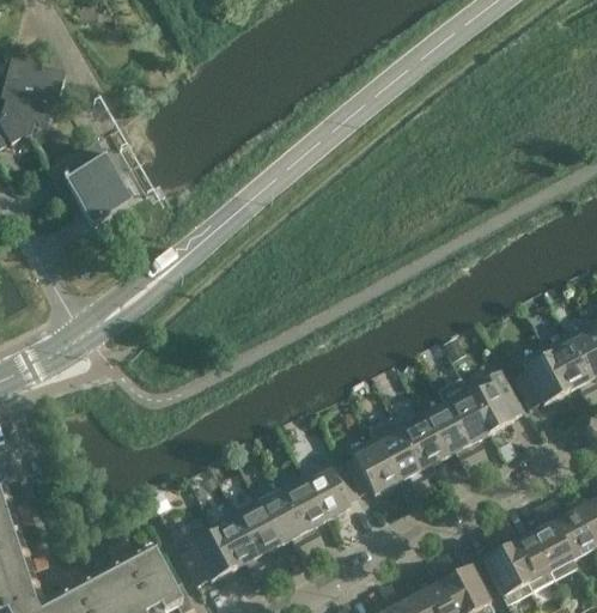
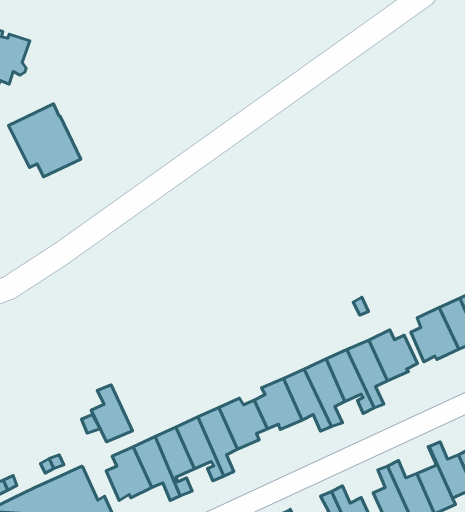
building: none -> [91,385,132,442]

